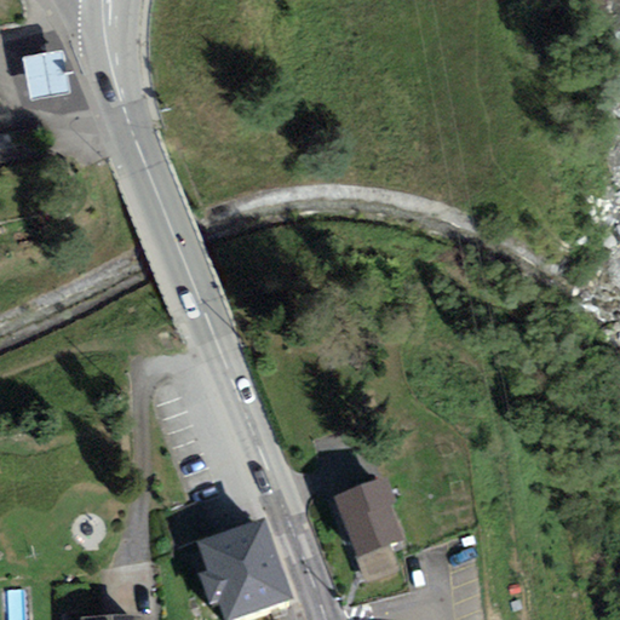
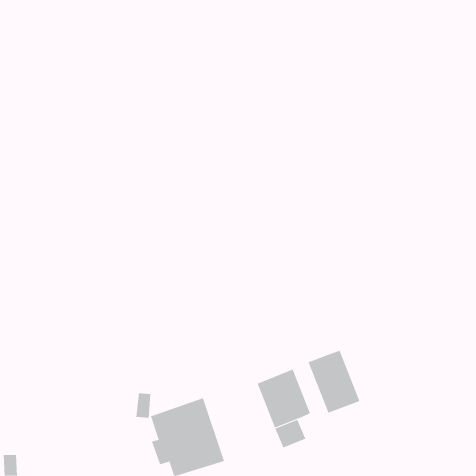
building: [21,50,69,99] -> none
building: none -> [308,350,360,414]

